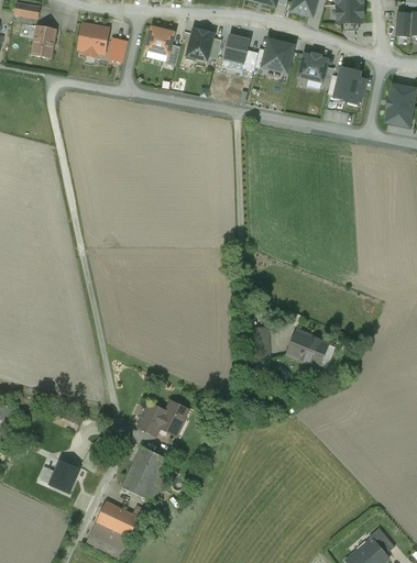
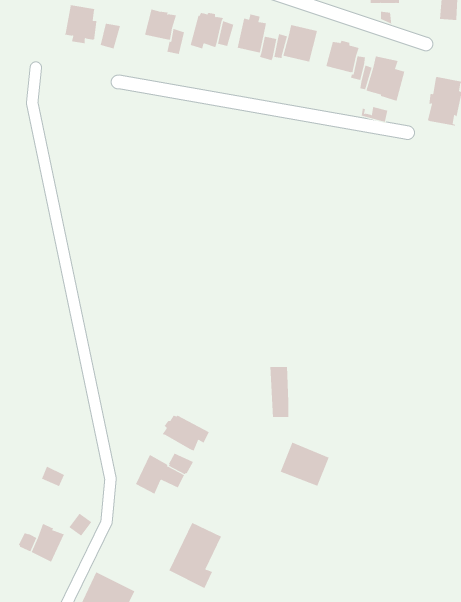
building: [32,25,56,58] -> none
building: [287,329,329,366] -> [280,442,330,486]
building: none -> [162,415,209,451]
building: [122,445,167,501] -> [168,522,222,589]

